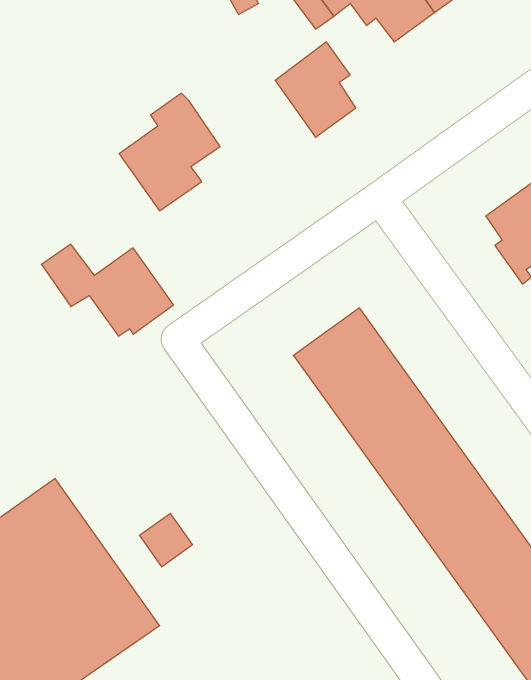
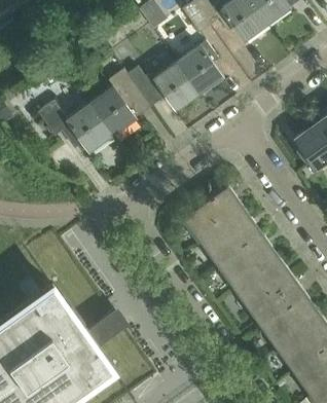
building: none -> [129,62,199,109]
building: [41,244,173,336] -> [38,101,112,152]

